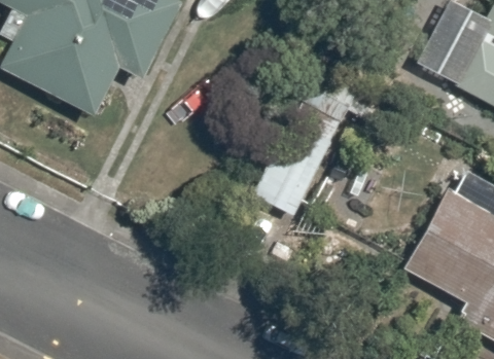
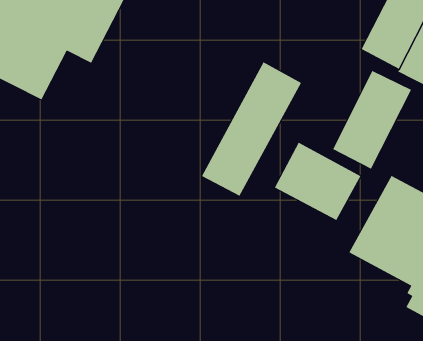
building: none -> [333,70,412,169]
building: none -> [274,142,361,221]

